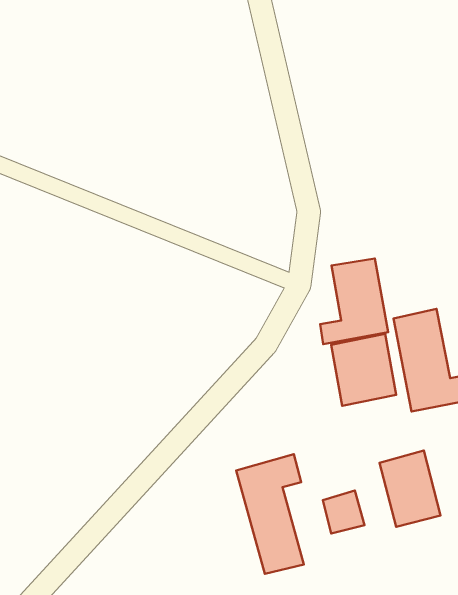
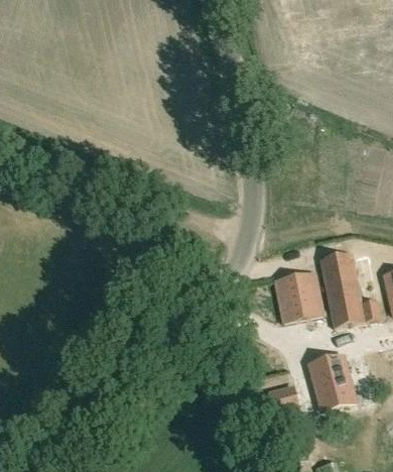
building: [320,259,388,344] -> none
building: [236,454,304,574] -> none

